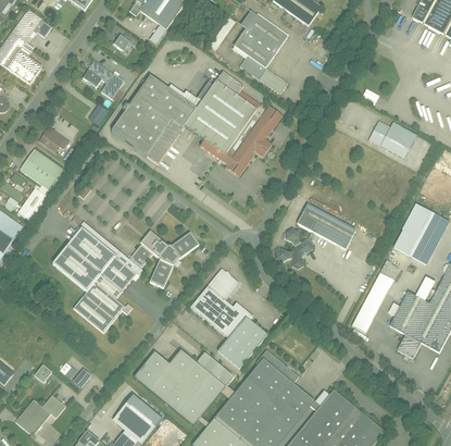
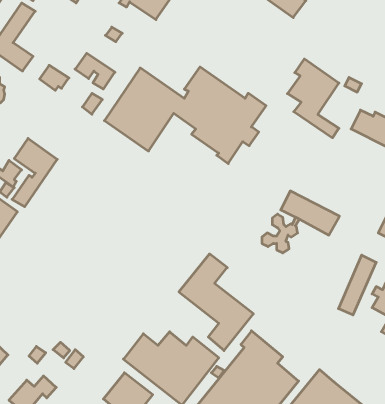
building: [235,11,288,92] -> [287,59,339,138]
building: [39,125,70,151] -> [40,65,69,90]
building: [54,230,196,331] -> none

